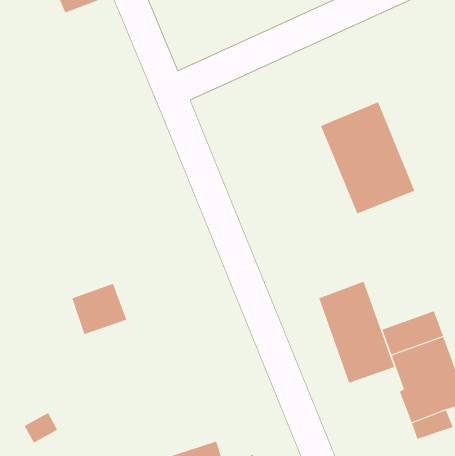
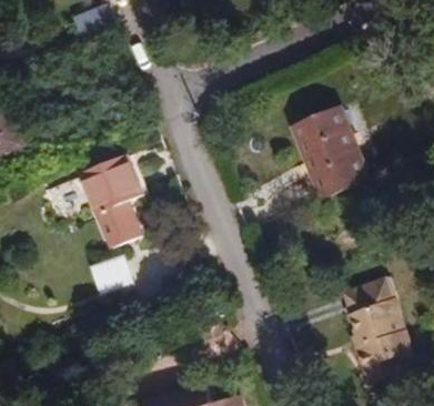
building: none -> [81,154,143,248]
building: [319,281,395,383] -> none

